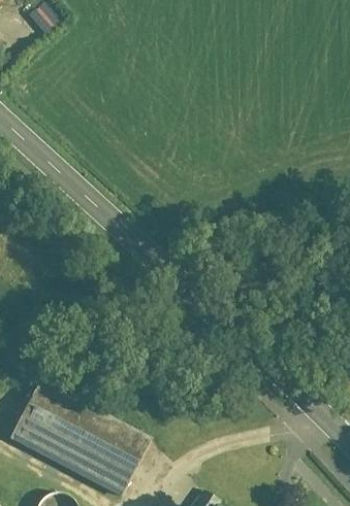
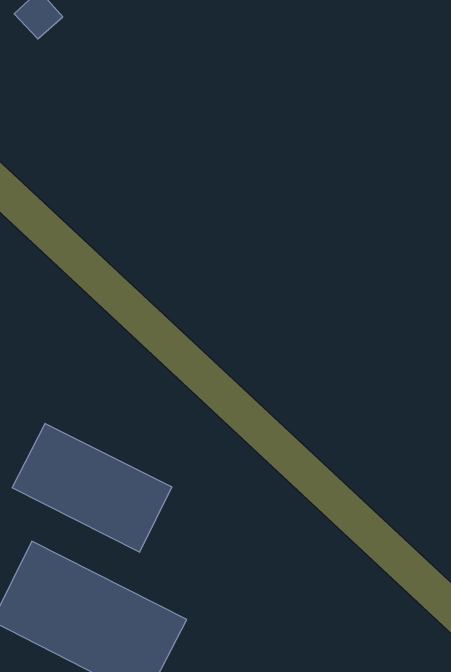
building: none -> [12,423,172,552]

